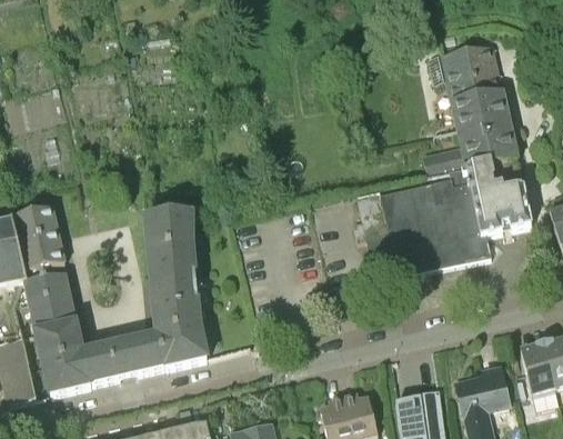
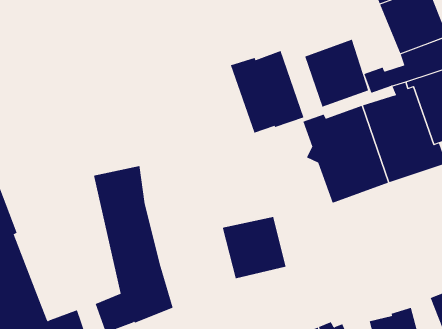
building: none -> [304,39,369,108]
building: none -> [230,50,304,134]
building: none -> [222,216,286,279]

